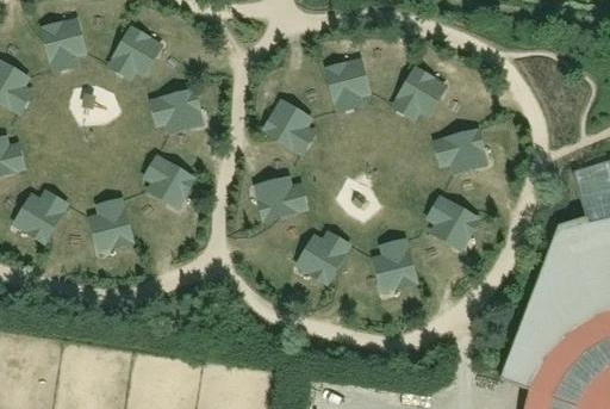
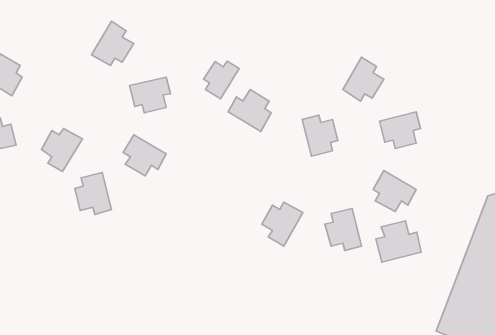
building: [43,23,85,69] -> none
building: [328,63,368,110] -> [302,115,338,156]
building: none -> [204,61,239,99]
building: [260,178,306,219] -> none
building: [20,192,67,241] -> [41,128,82,172]
building: none -> [376,221,421,262]

